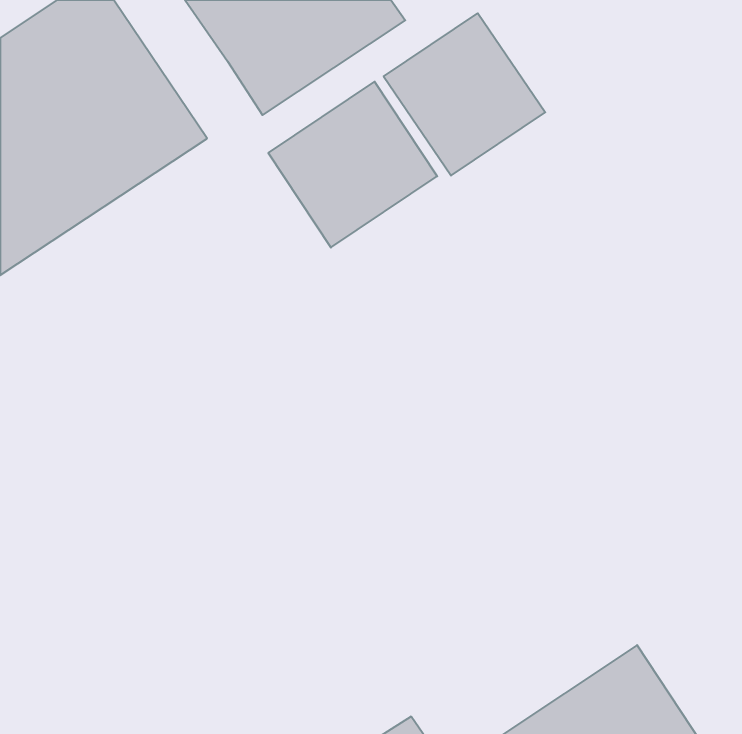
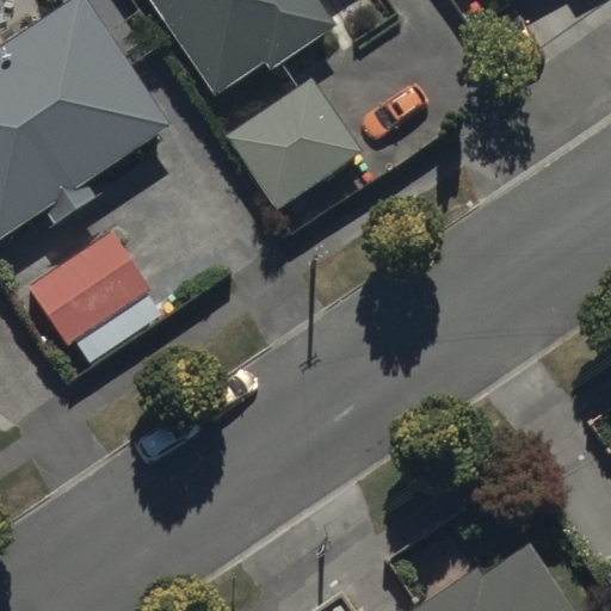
building: [384,13,545,176] -> none
building: none -> [25,229,154,351]

